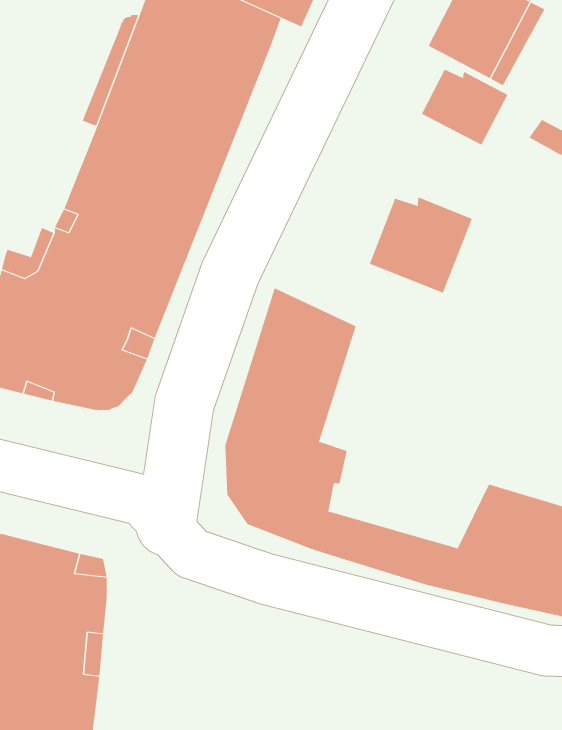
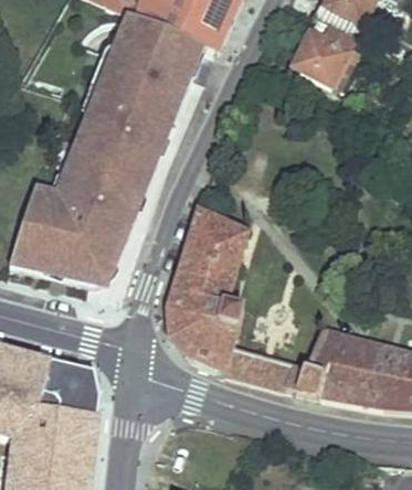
building: [421,69,508,146] -> none
building: [369,197,472,294] -> none

